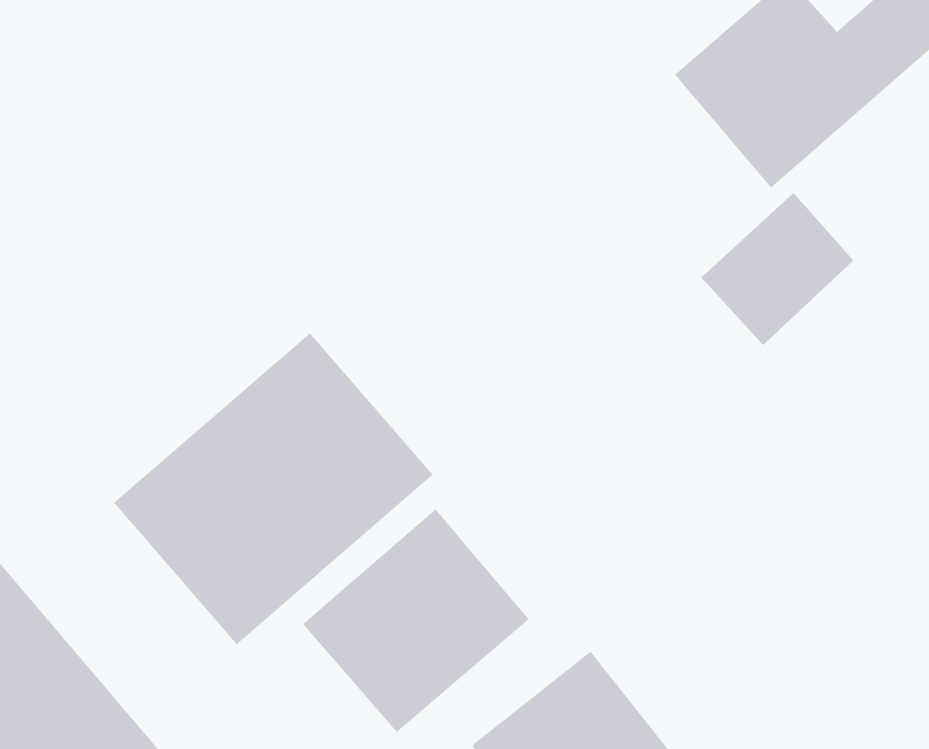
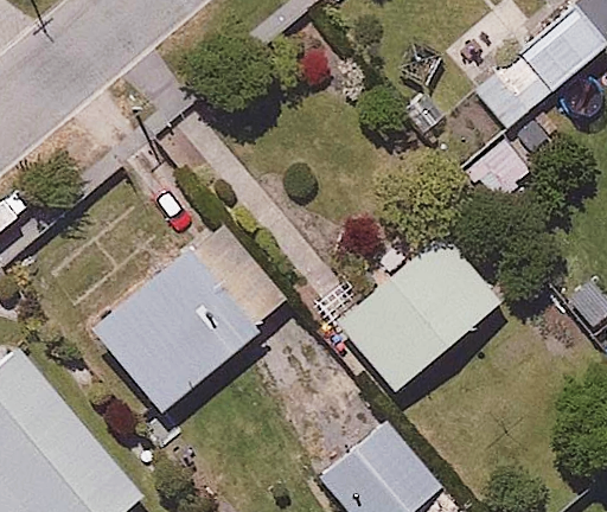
building: none -> [337,232,496,389]
building: [302,508,530,733] -> none

